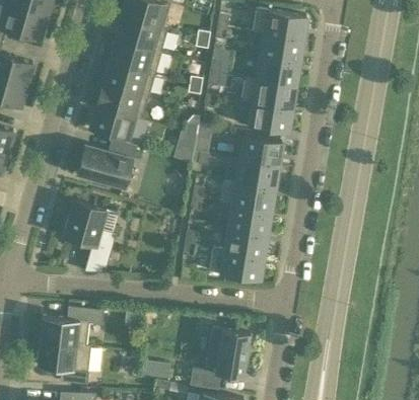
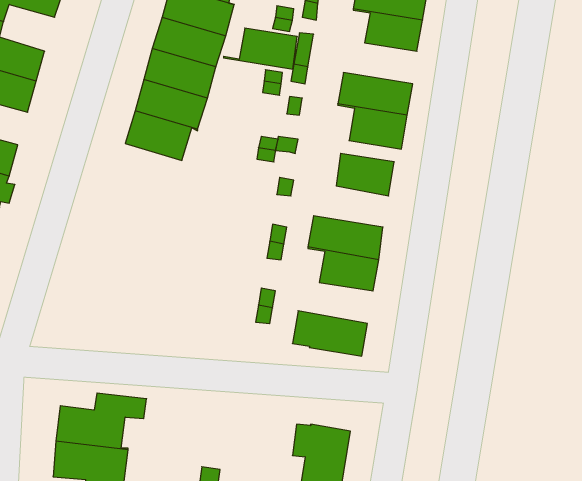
building: [247,57,299,86] -> [224,28,297,69]
building: [77,141,135,187] -> none
building: [225,159,279,188] -> none
building: [65,201,118,273] -> none
building: [214,228,268,257] -> none

